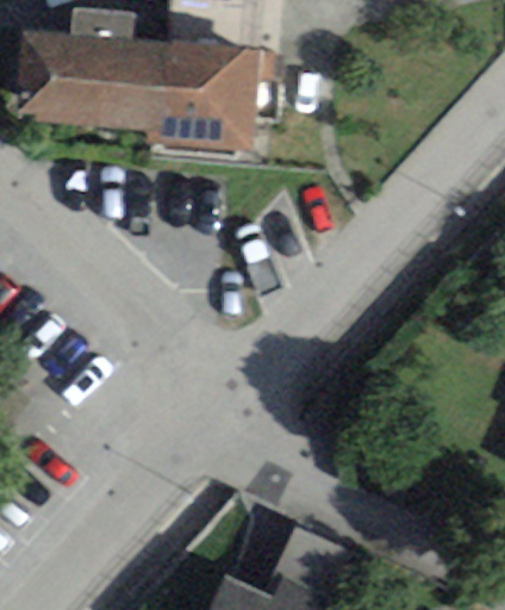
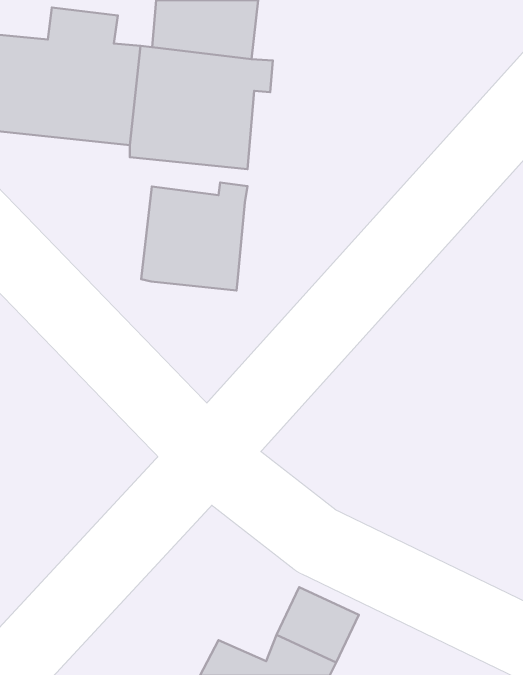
building: none -> [141,183,247,291]

